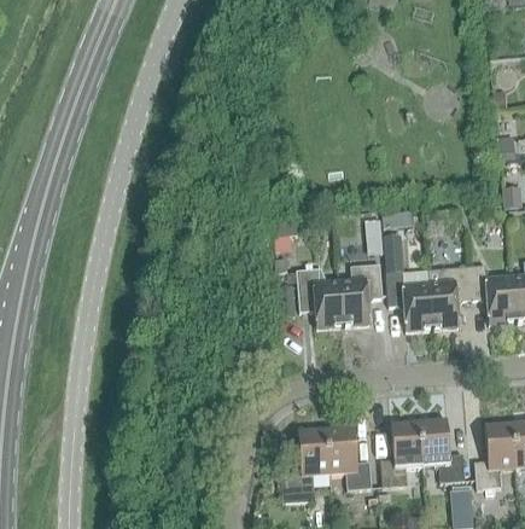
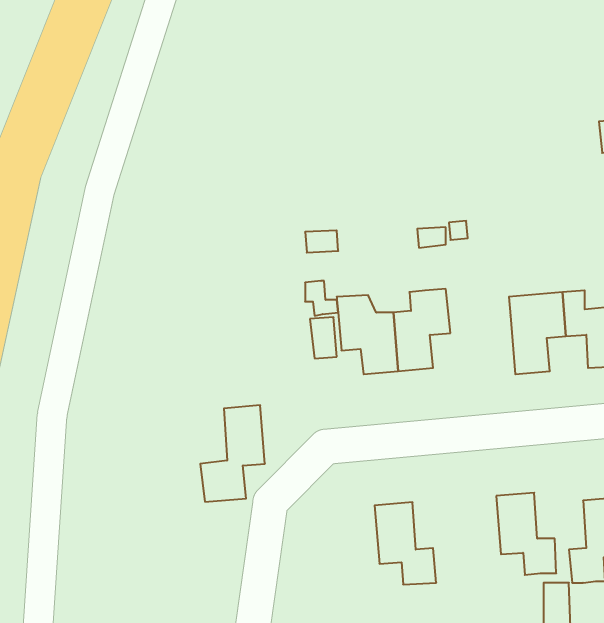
building: [384,244,433,330] -> none
building: [380,420,422,486] -> none
building: [280,428,329,501] -> [200,405,265,502]

